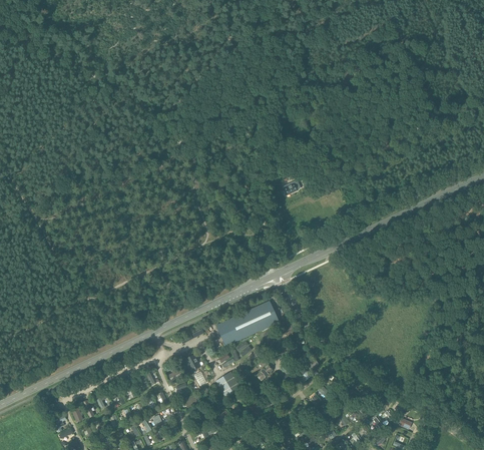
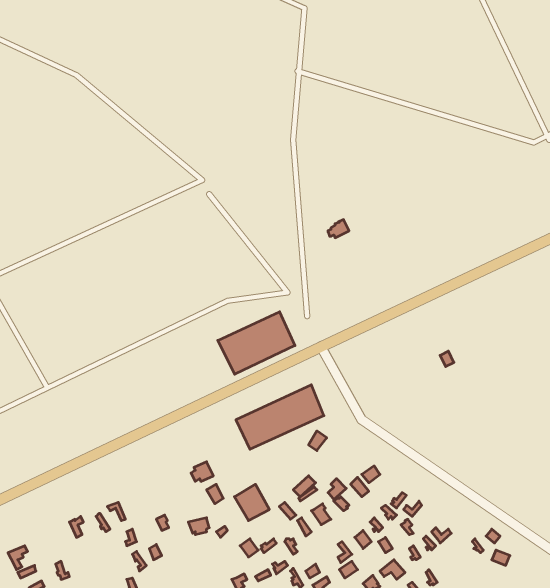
building: none -> [218,312,295,374]

